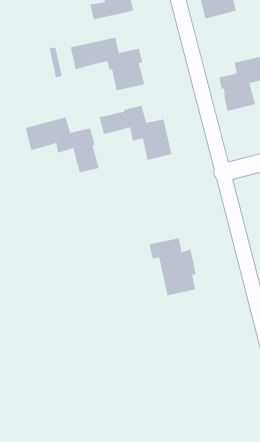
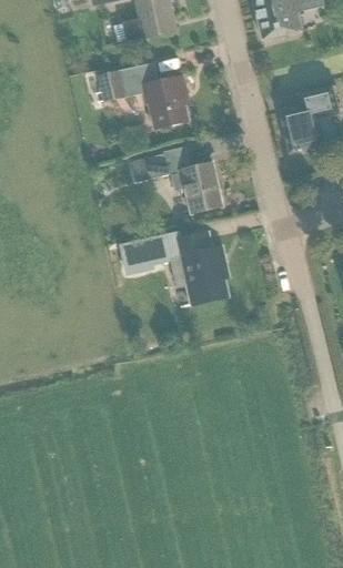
building: [25,117,100,173] -> none
building: none -> [121,242,161,268]
building: [149,238,197,296] -> [169,233,228,304]

